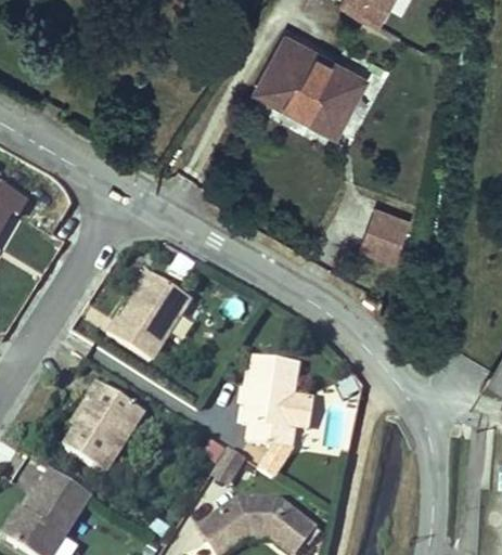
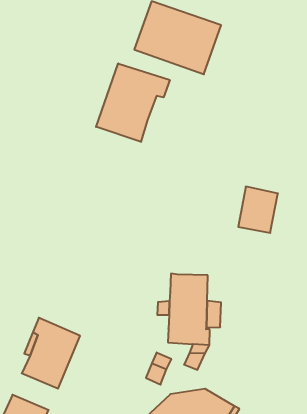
building: none -> [96,63,170,142]
building: [358,201,411,260] -> [238,187,278,233]
building: [107,272,190,362] -> none

